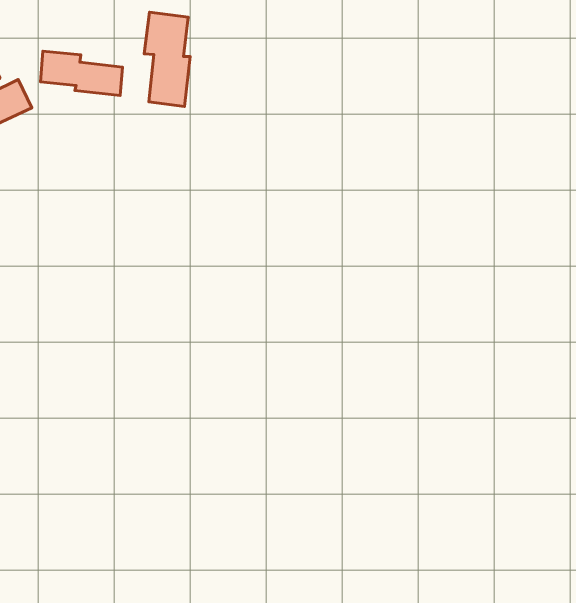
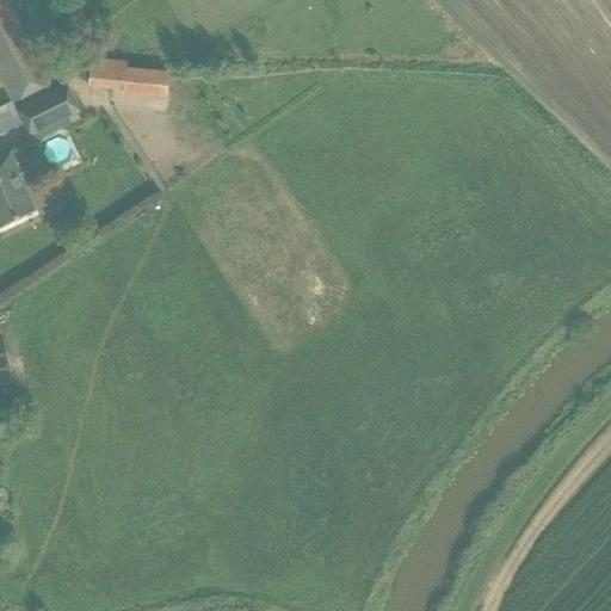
building: [144,12,190,106] -> none

